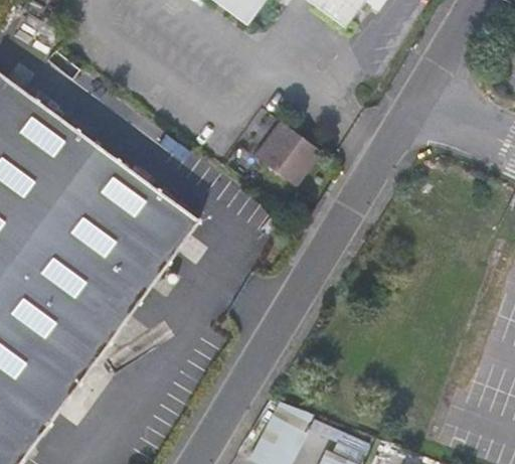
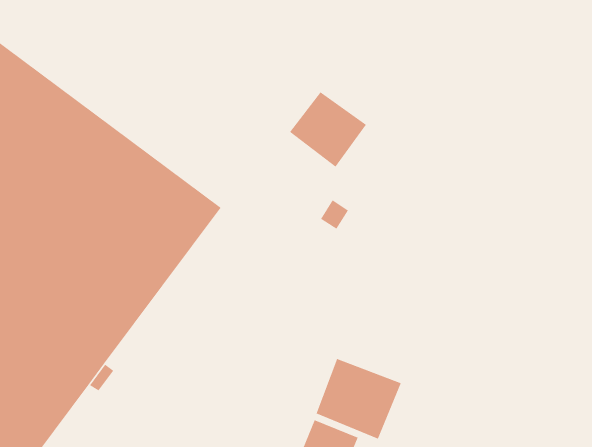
building: none -> [316,358,402,440]

